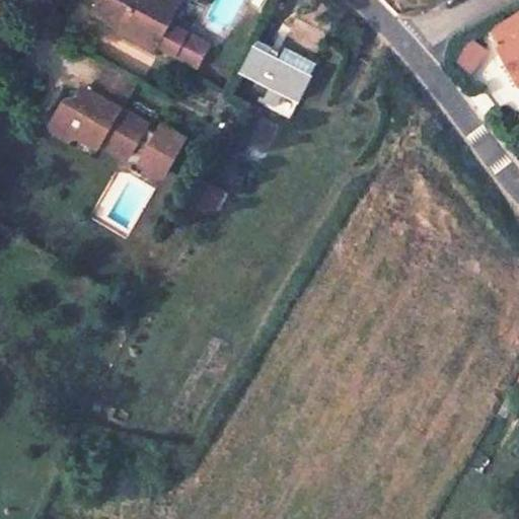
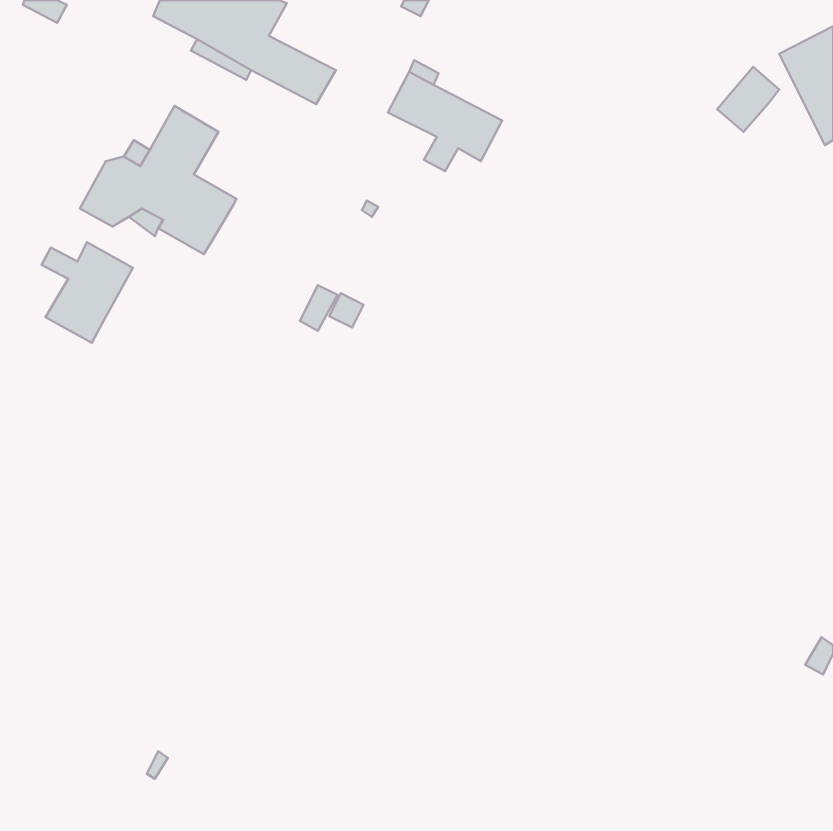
building: [132,126,184,175] -> none
building: none -> [42,242,133,343]

